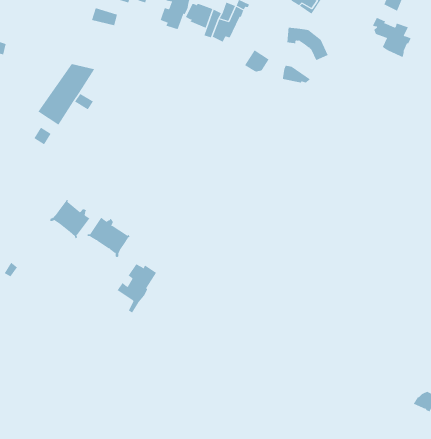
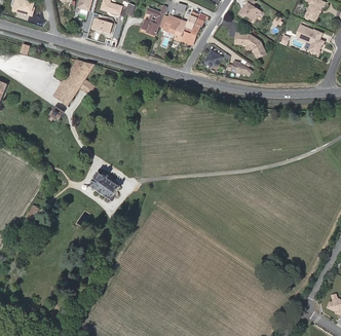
building: [50,200,90,239] -> none
building: [117,263,157,314] -> none

